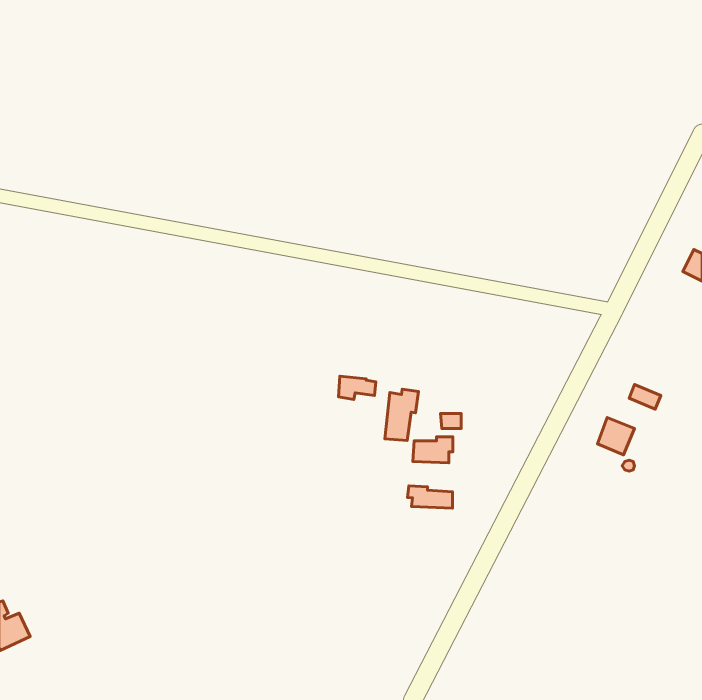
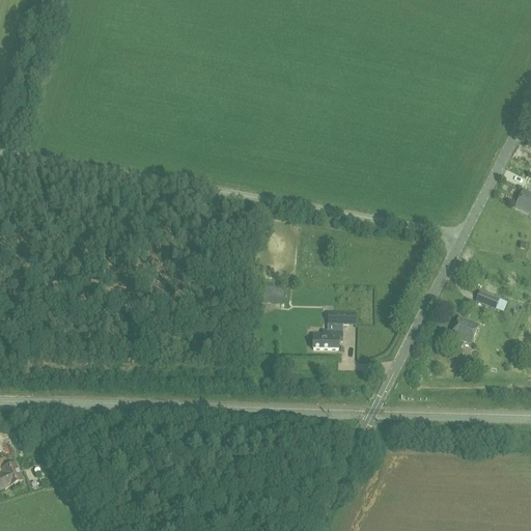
building: [385,389,418,440] -> none
building: [408,486,453,508] -> none

